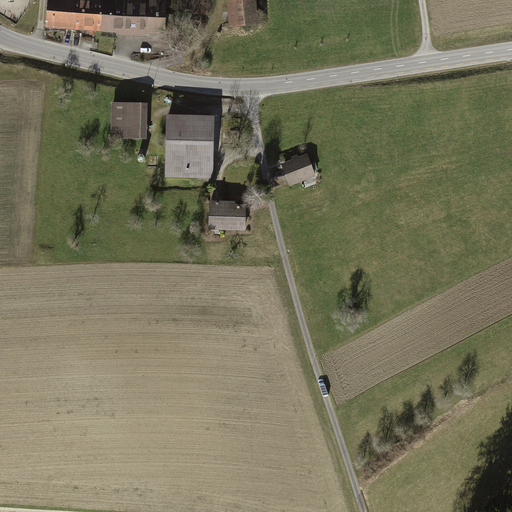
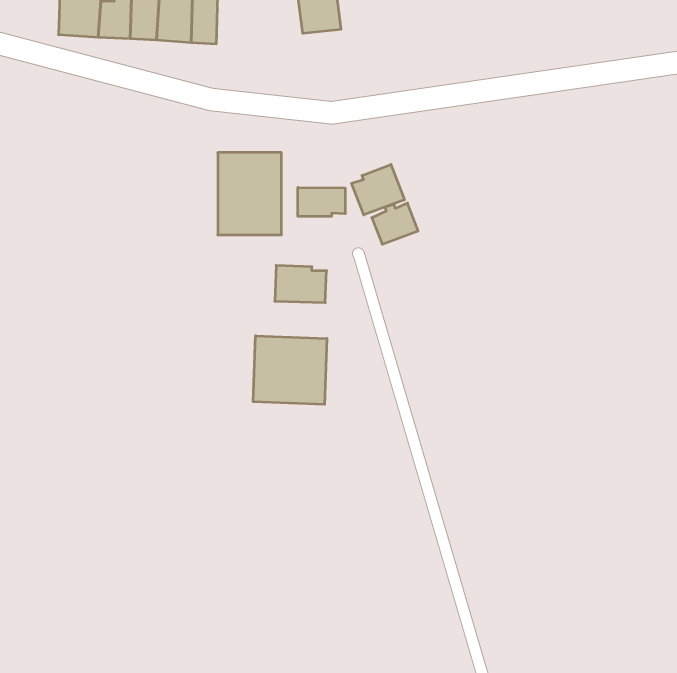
building: [112,103,147,138] -> none
building: none -> [352,164,404,215]
building: none -> [298,187,345,216]
building: none -> [253,336,327,404]

